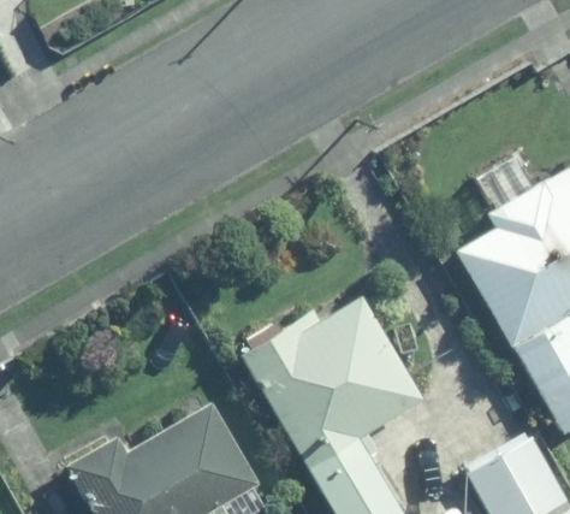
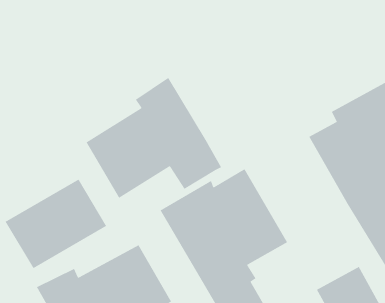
building: none -> [86,77,222,199]
building: none -> [5,178,107,269]

